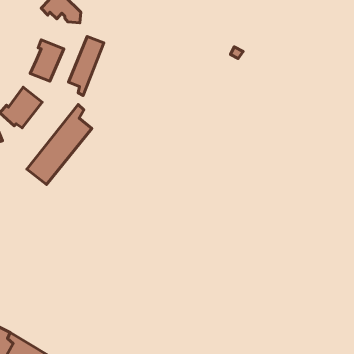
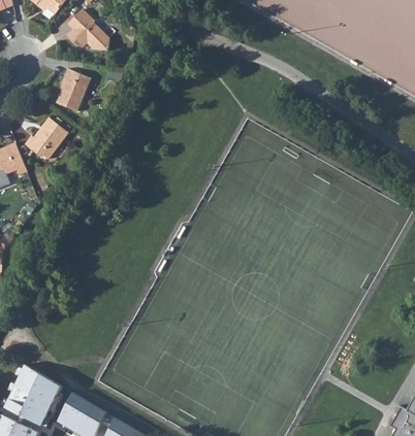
building: [69,36,104,95] -> none
building: [27,105,92,184] -> none

